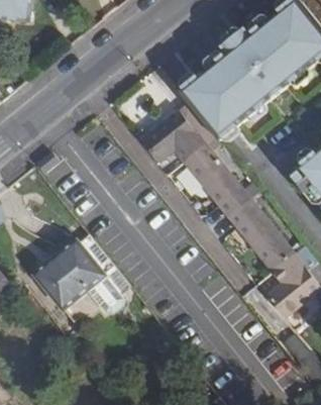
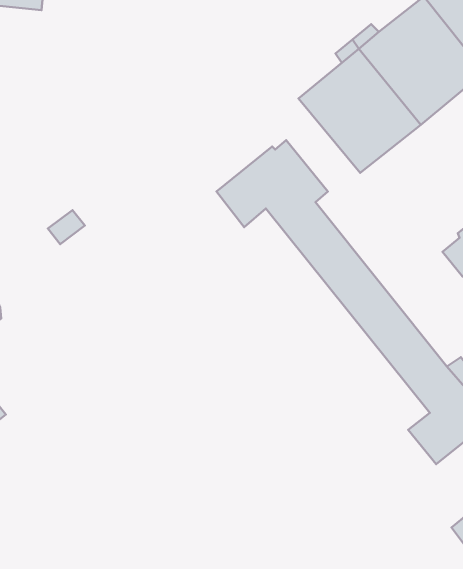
building: [178,77,236,140] -> none
building: [36,234,128,314] -> none

